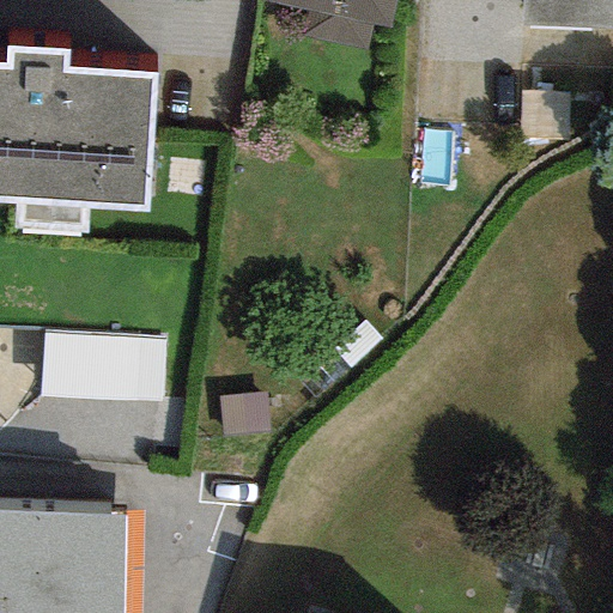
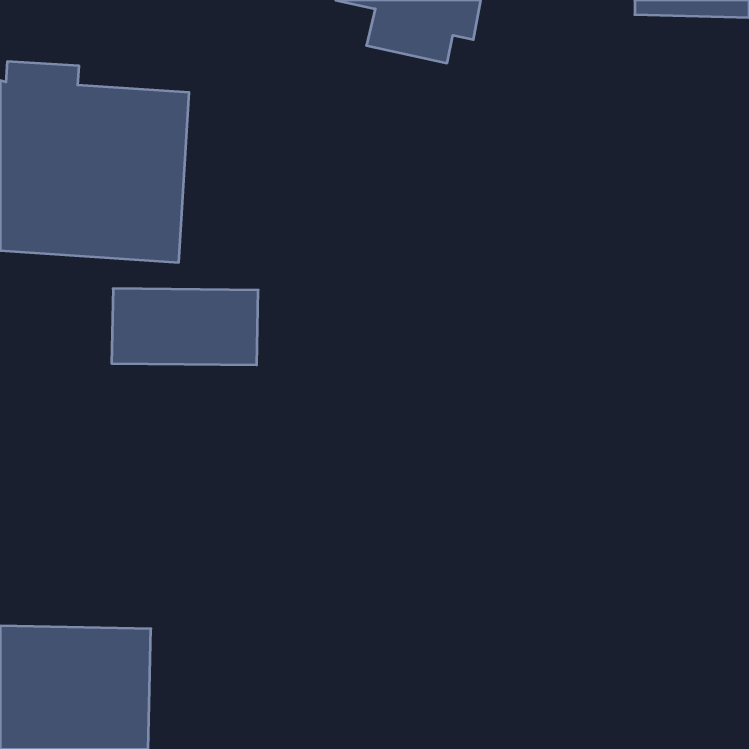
building: [42,329,162,392] -> [112,289,258,365]

